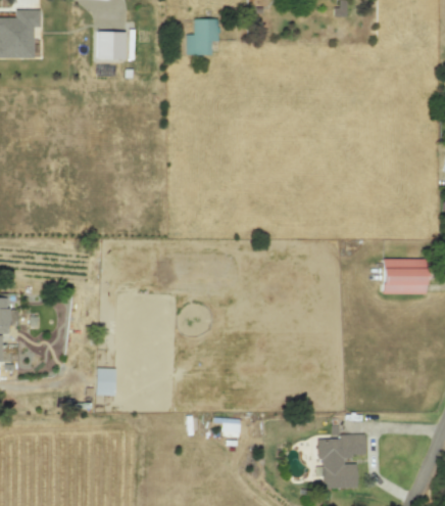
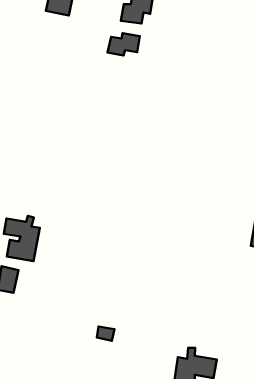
building: none -> [108,33,140,55]
building: none -> [4,216,40,261]

